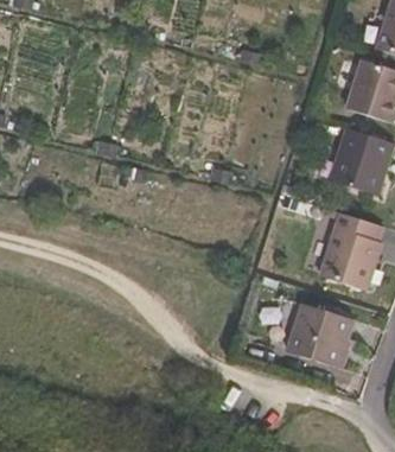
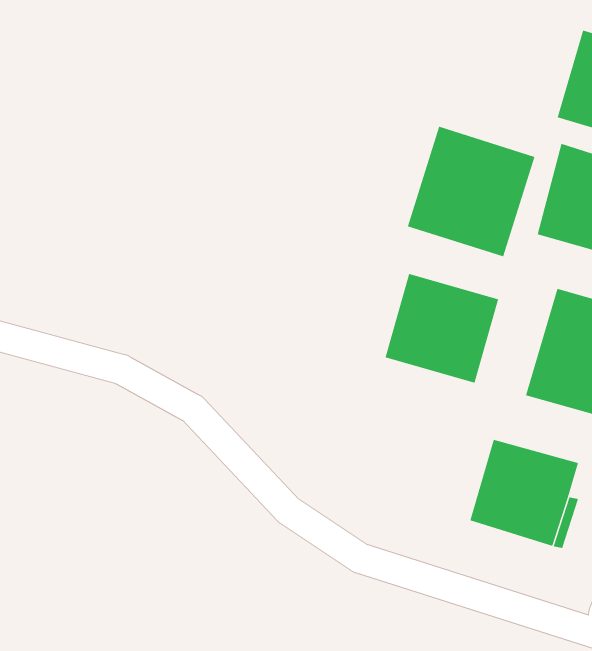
building: none -> [407,126,535,257]
building: none -> [385,273,499,384]

